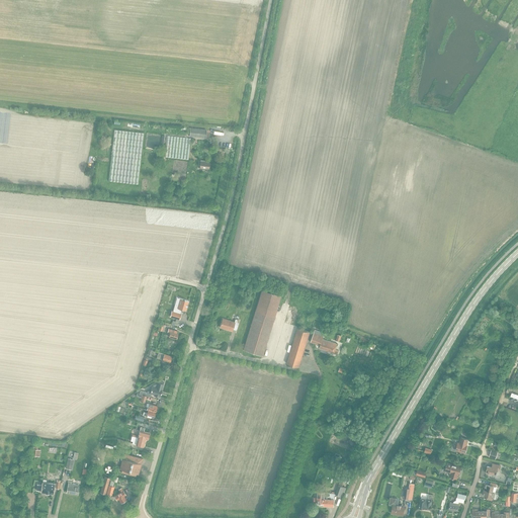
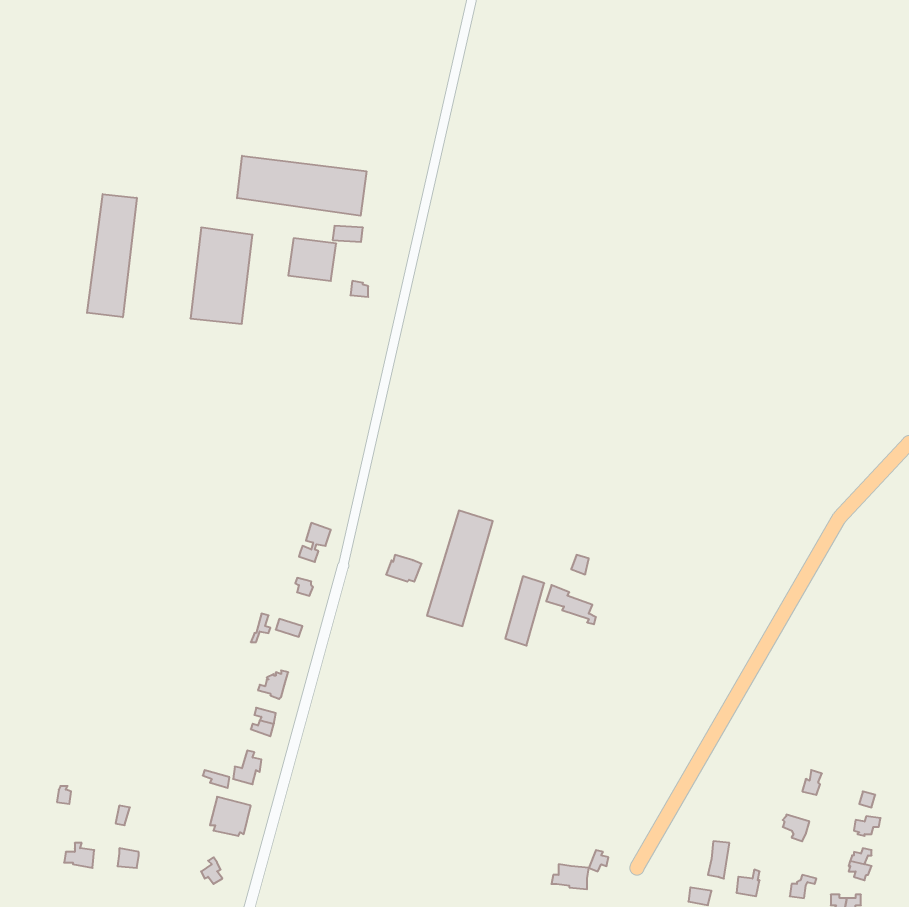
building: none -> [237,156,366,216]
building: none -> [87,194,137,317]

